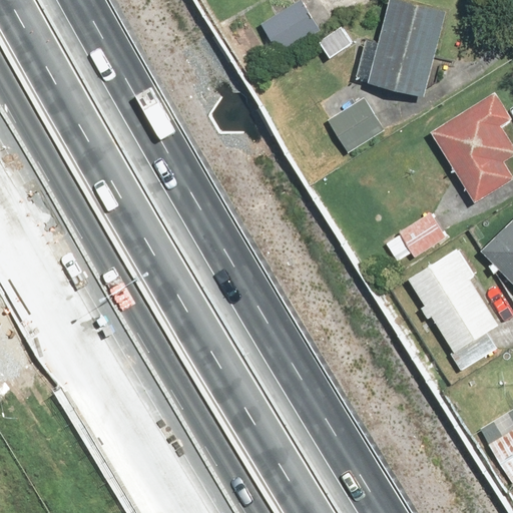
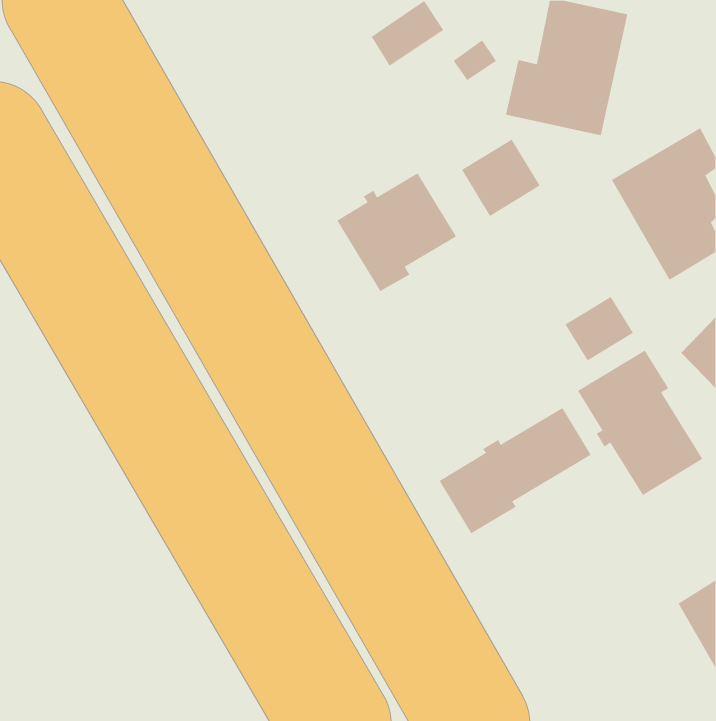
building: none -> [336,172,457,292]
building: none -> [439,407,592,534]

